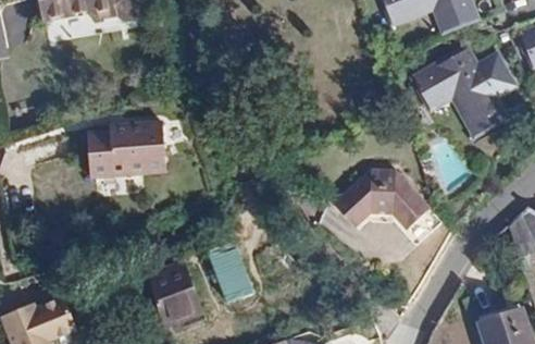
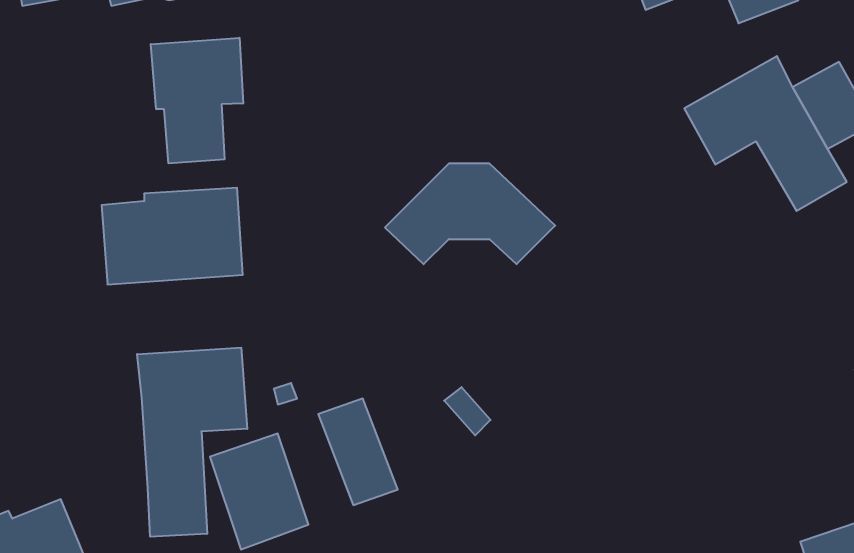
building: none -> [151,38,243,163]
building: [340,169,436,225] -> [385,164,555,264]
building: none -> [137,348,247,537]

